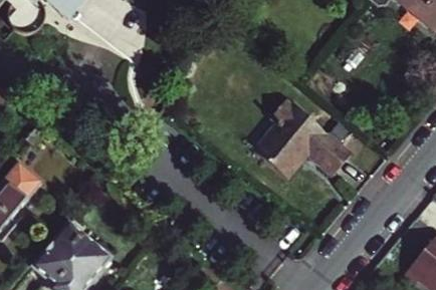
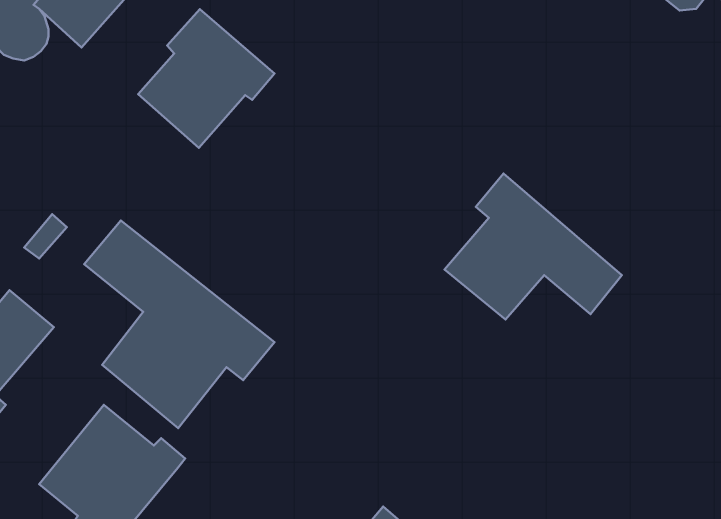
building: none -> [138,9,275,148]
building: none -> [84,221,274,428]

